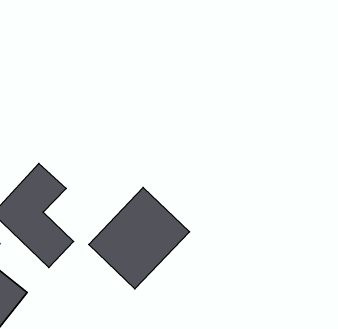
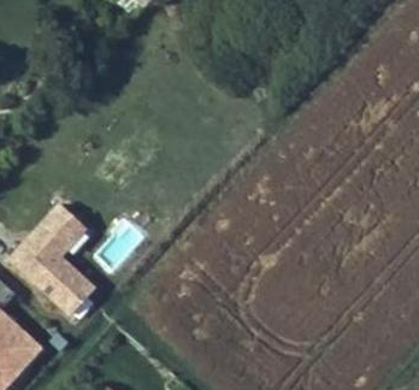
building: [89,188,189,289] -> none

